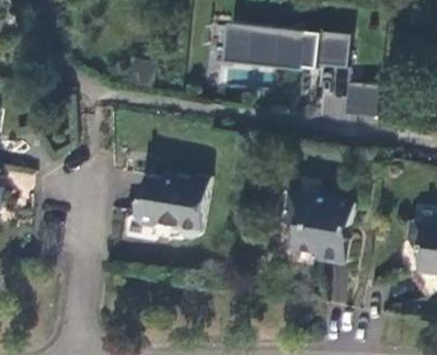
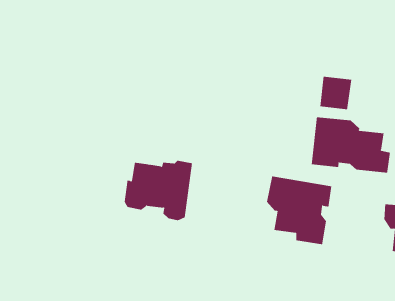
building: [226,26,346,72] -> none
building: none -> [311,117,391,173]

